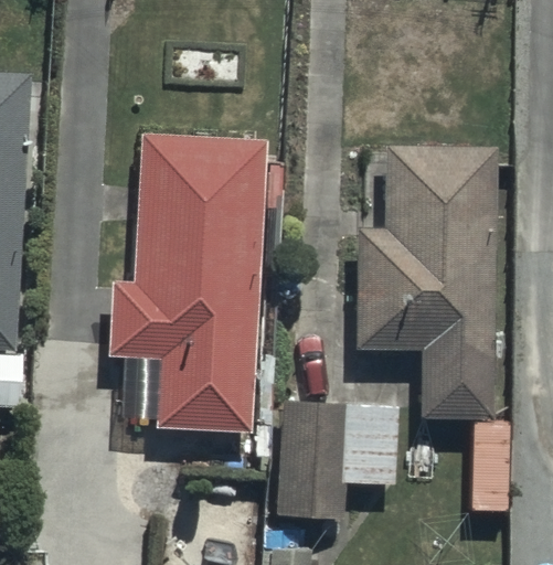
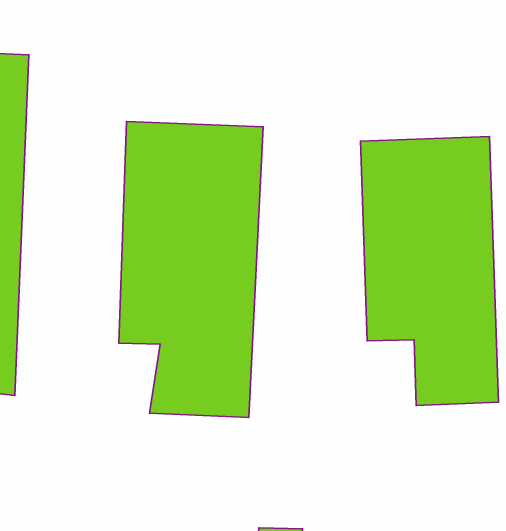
building: [272,392,390,512] -> none

